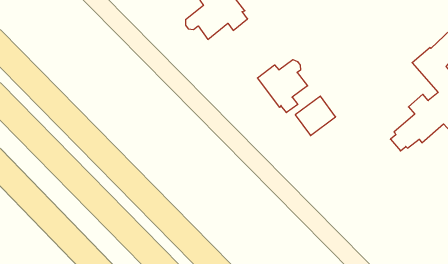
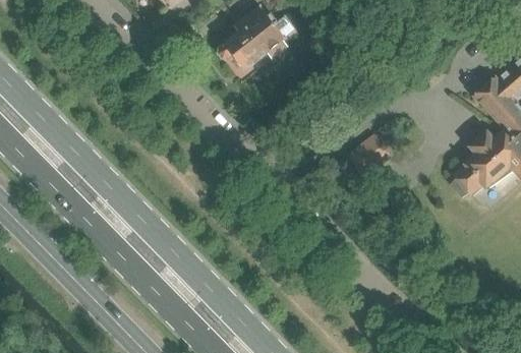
building: [257,60,308,113] -> none

